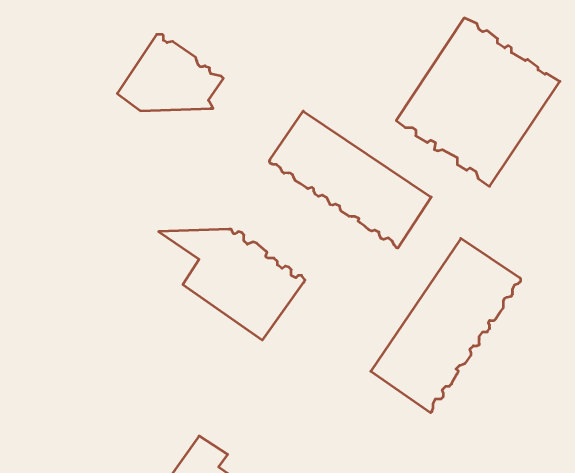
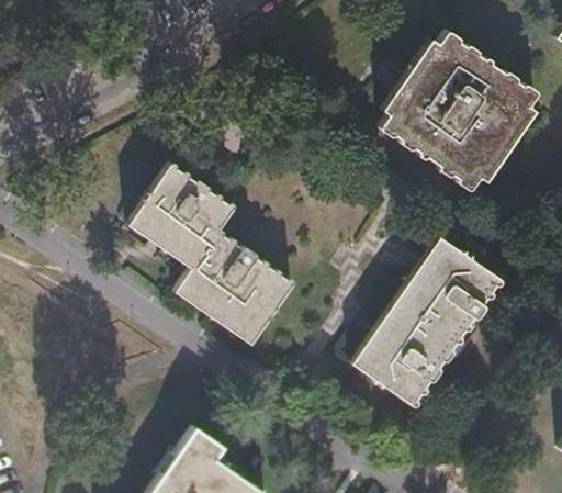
building: [117,34,223,111] -> [133,163,234,235]
building: [269,111,431,248] -> none

